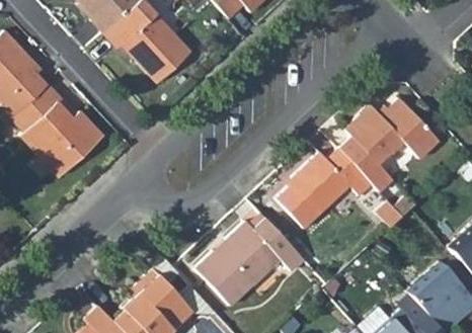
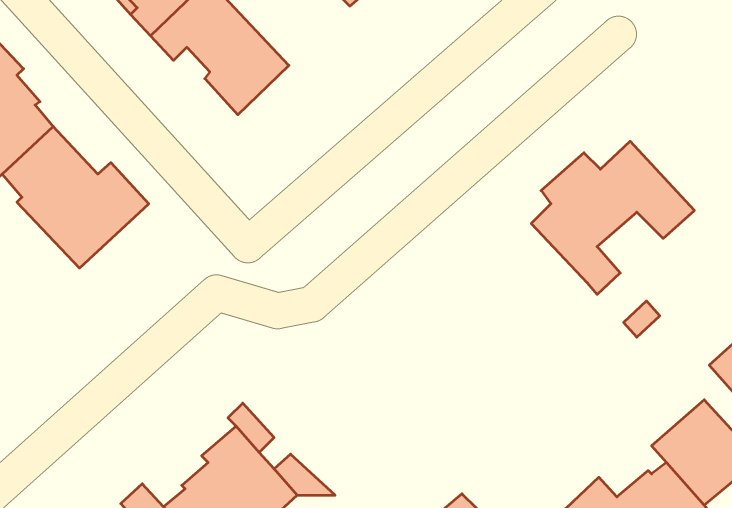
building: [276,149,373,229] -> none
building: [194,220,302,307] -> none

